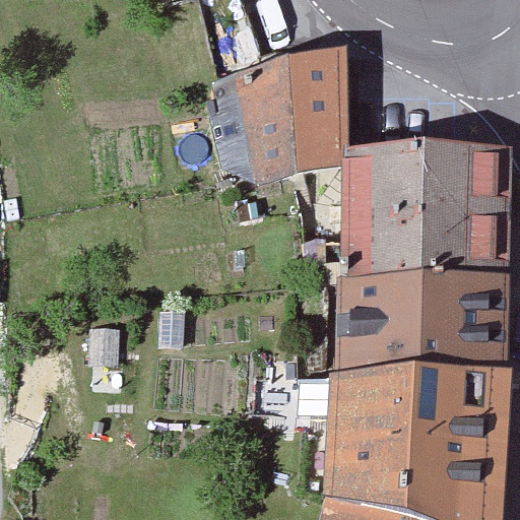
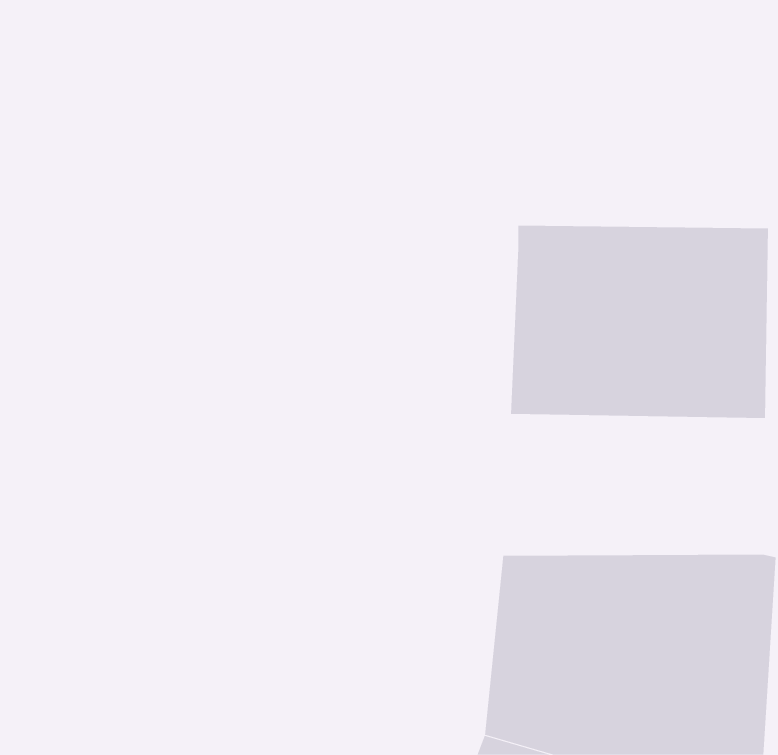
building: [233,54,347,183] -> none
building: [335,276,511,371] -> none

